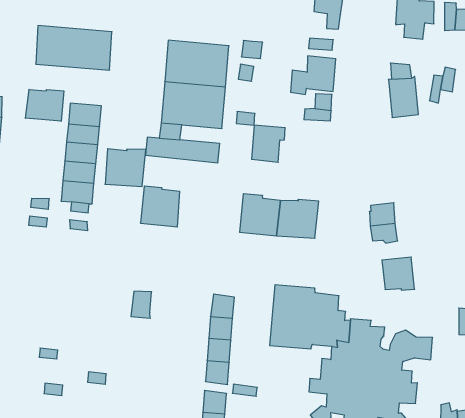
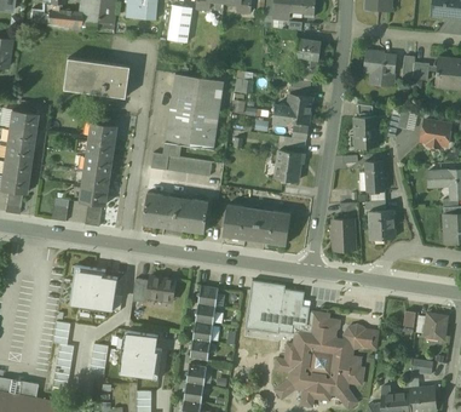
building: [25,89,64,121] -> none
building: [252,125,285,162] -> [276,150,305,182]
building: none -> [364,161,385,191]
building: [105,149,146,187] -> [174,199,209,231]
building: [382,257,415,290] -> [369,211,394,238]
building: none -> [69,264,115,308]
building: none -> [148,275,174,301]
building: none -> [117,328,163,379]

